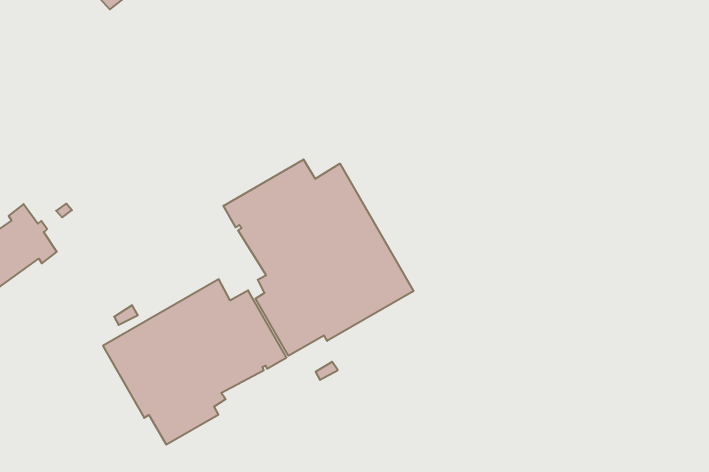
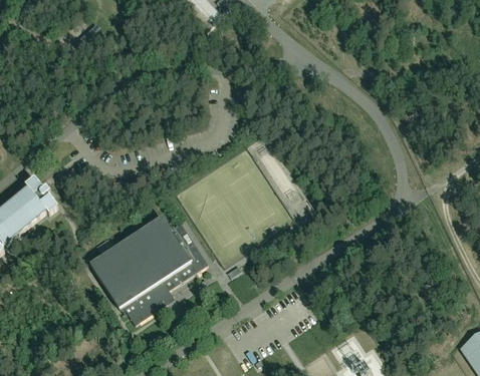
building: [223,159,413,356] -> none

